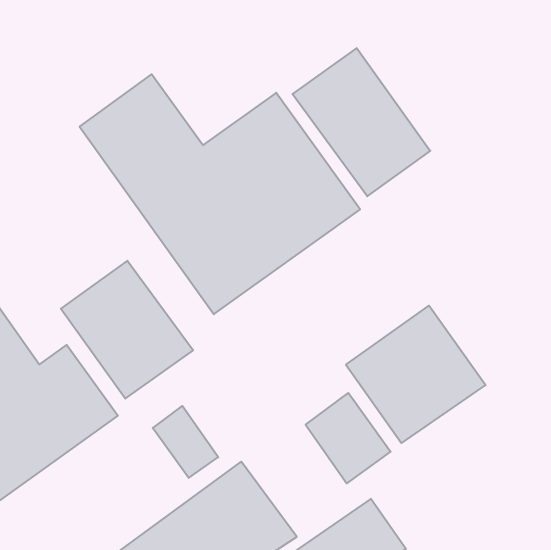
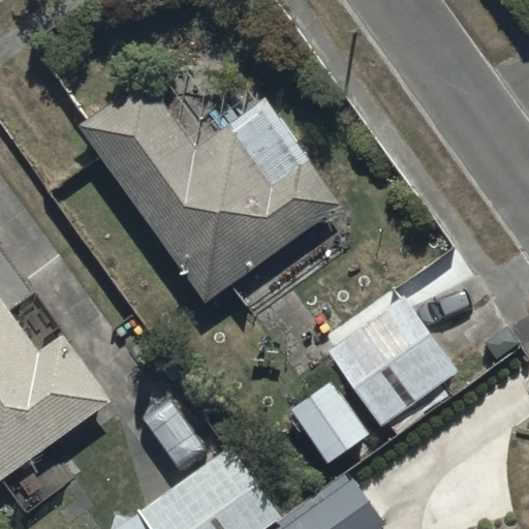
building: [292,48,430,196] -> none
building: [61,261,193,399] -> none

